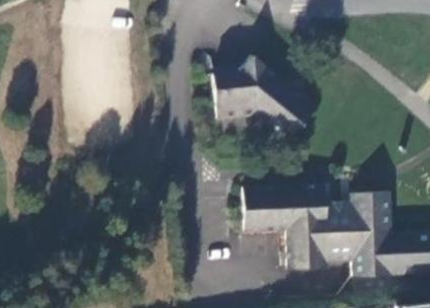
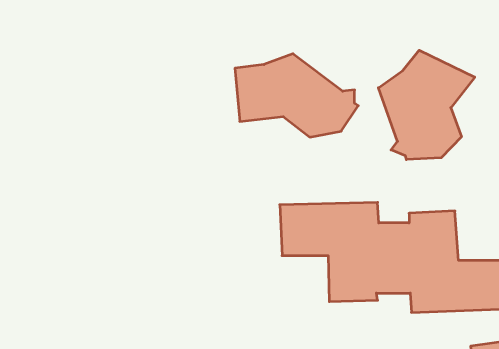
building: none -> [378,50,475,160]

